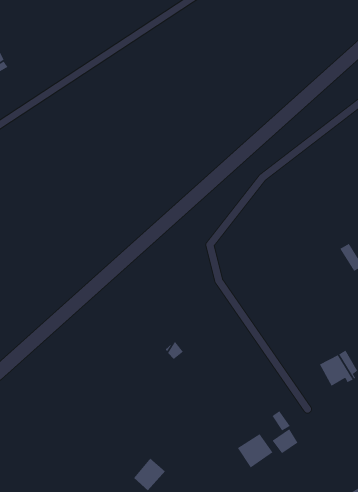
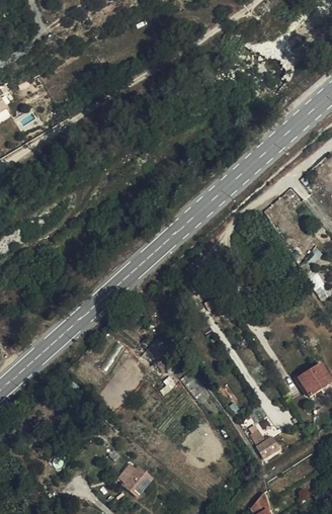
building: [237,433,274,468] -> none

